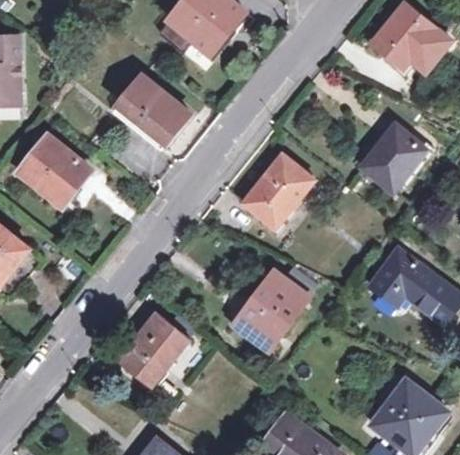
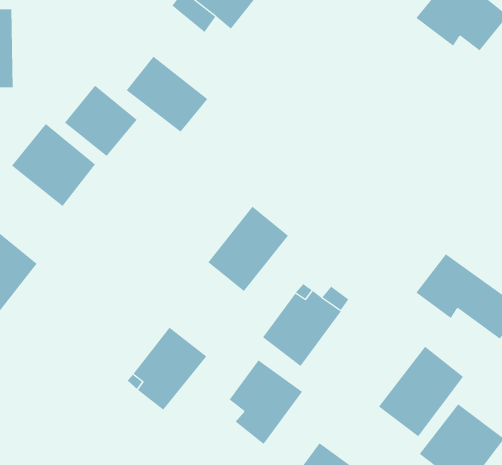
building: none -> [64,85,138,157]
building: [361,124,427,191] -> none
building: [243,153,314,228] -> [208,206,289,292]
building: none -> [378,346,464,437]
building: none -> [229,359,303,445]

